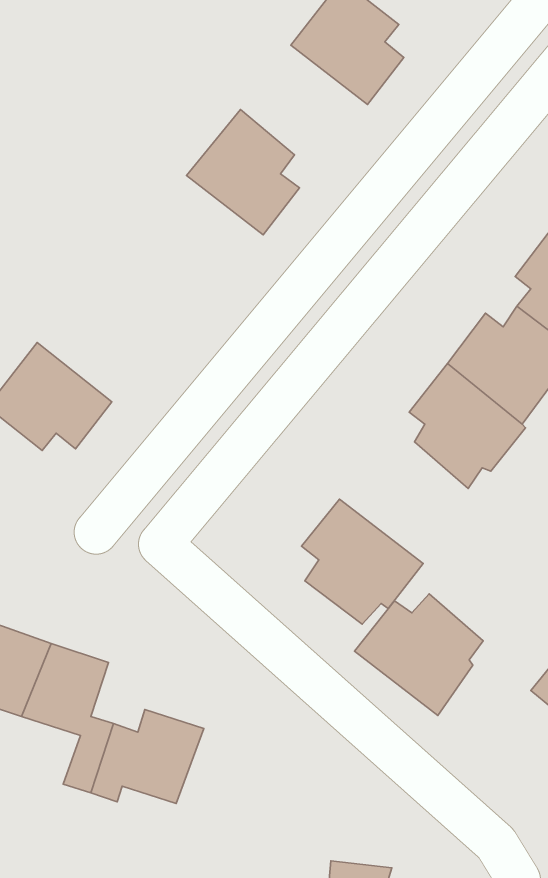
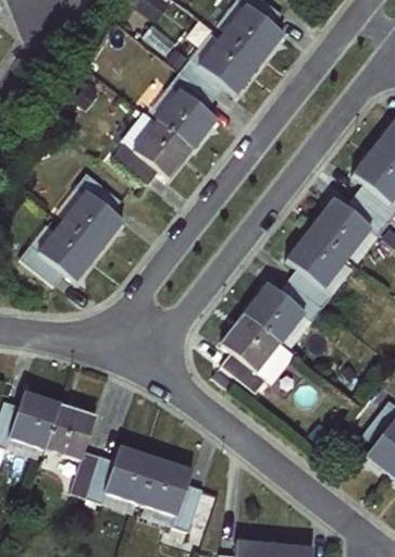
building: none -> [181,29,260,98]
building: none -> [115,111,195,180]
building: none -> [53,175,123,252]
building: [355,594,483,716] -> [243,277,323,354]
building: none -> [137,457,205,530]

